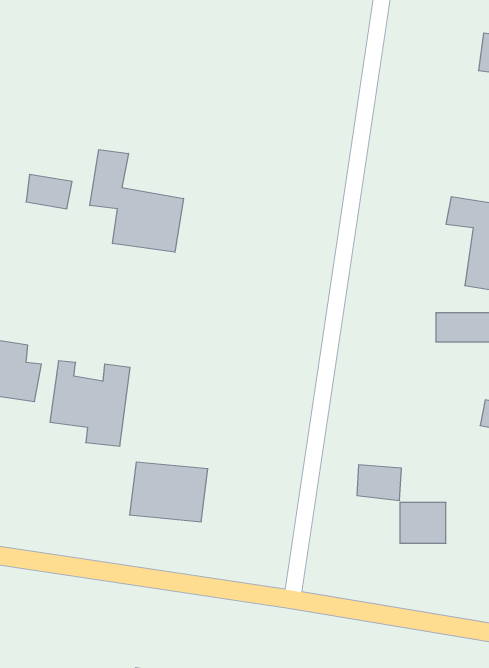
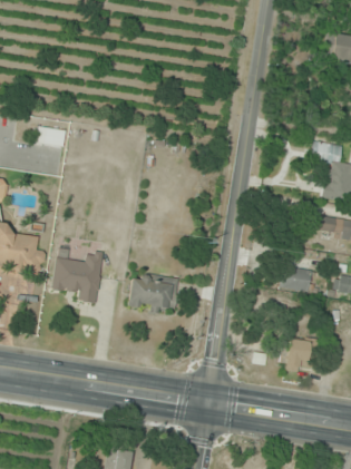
building: [90,150,183,252] -> none
building: [129,462,208,522] -> [128,273,179,312]
building: [357,465,401,501] -> [282,267,311,291]

